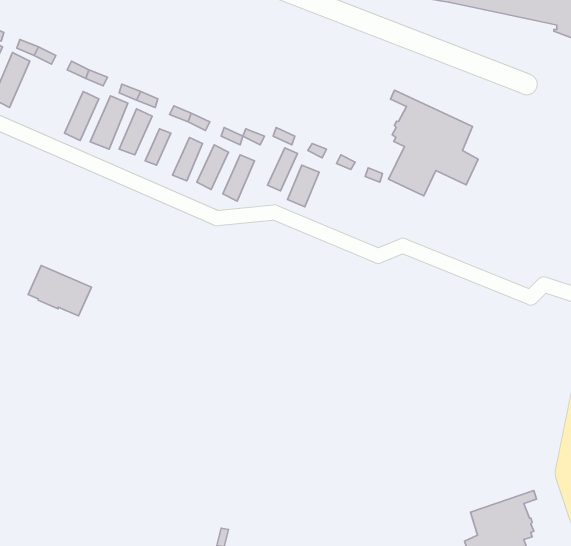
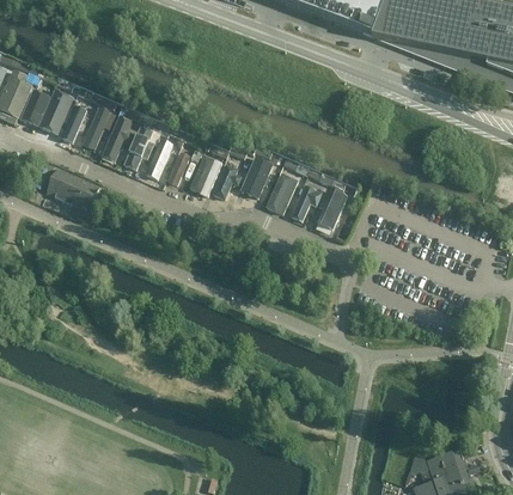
building: none -> [41,87,72,133]
building: none -> [61,99,94,146]
building: [388,90,478,196] -> none
building: none -> [292,183,323,224]
building: none -> [318,189,347,227]
building: [28,266,91,316] -> [47,166,99,208]

